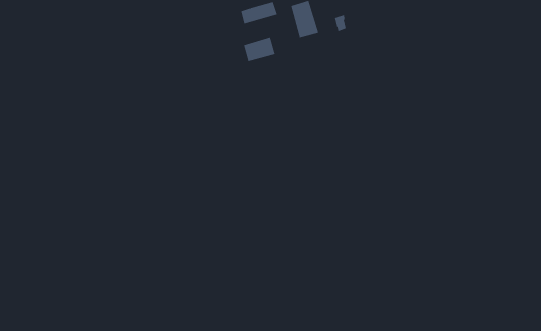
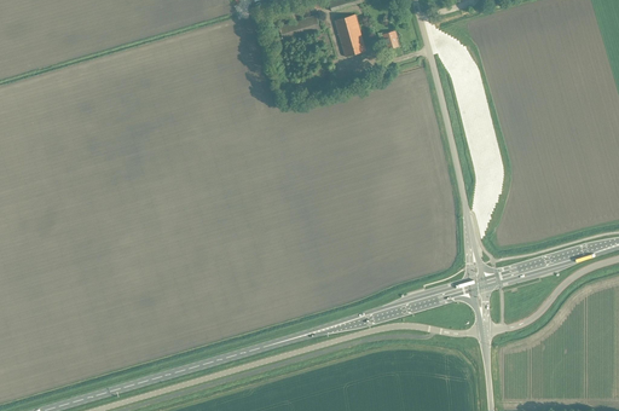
building: [243,37,275,62] -> none

